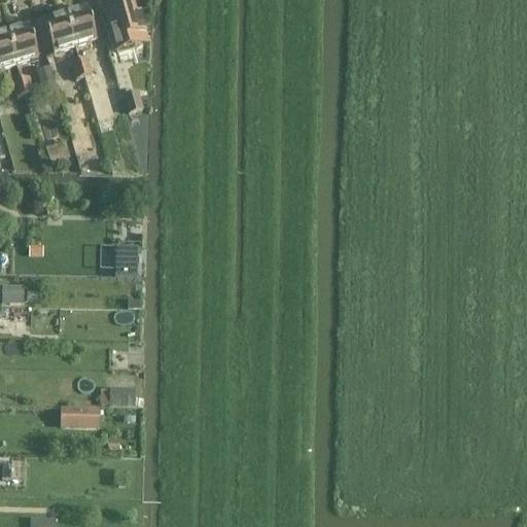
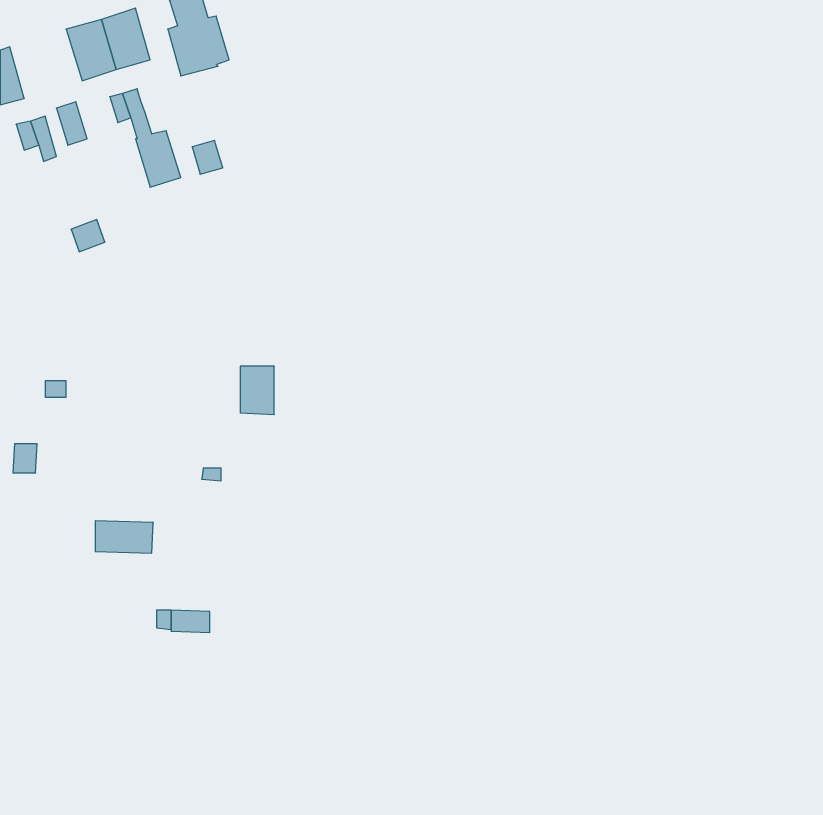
building: [7,24,38,63] -> none
building: [115,245,137,276] -> [240,366,274,415]
building: [62,406,99,426] -> [95,521,153,553]

